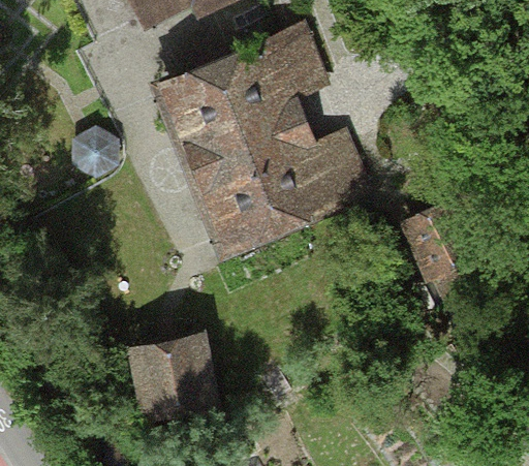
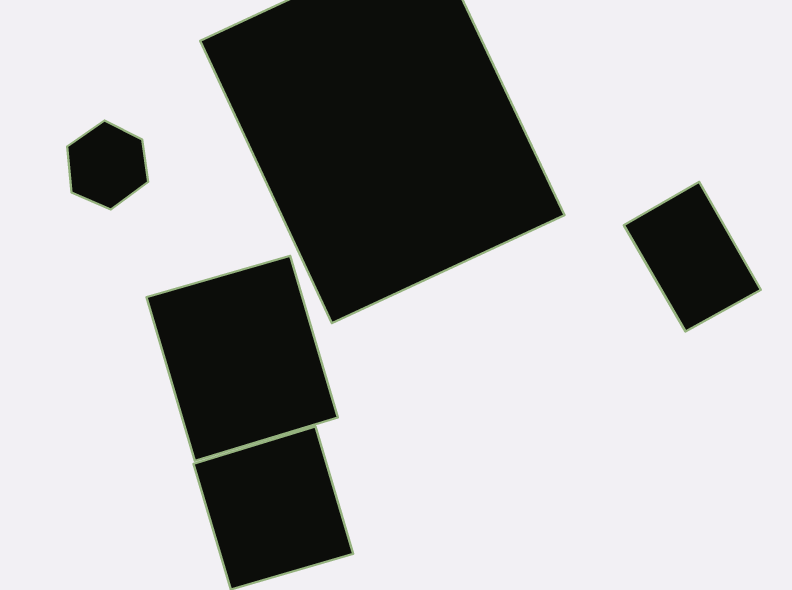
building: none -> [147,256,338,461]

